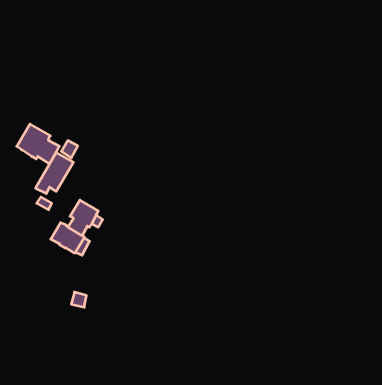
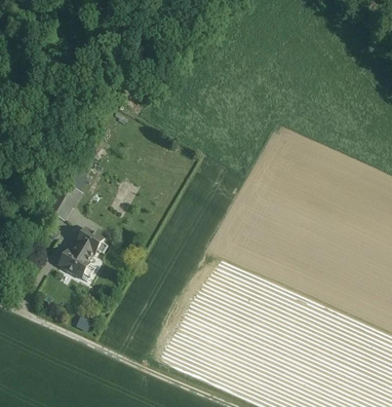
building: [17,124,59,164] -> none

